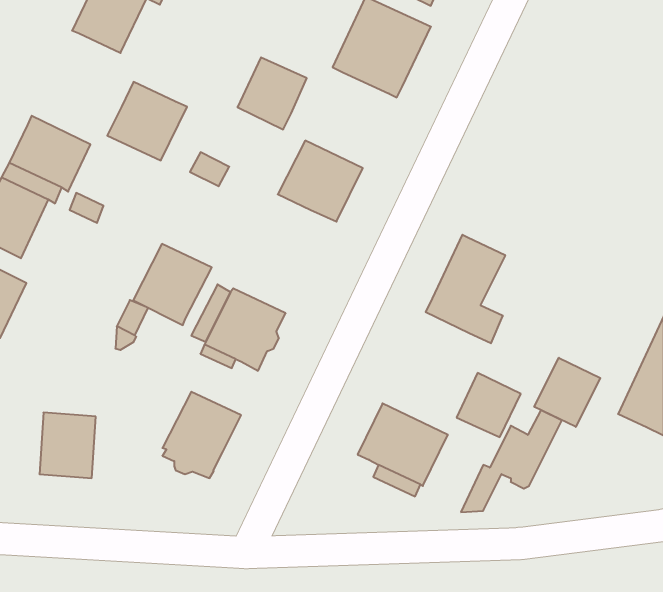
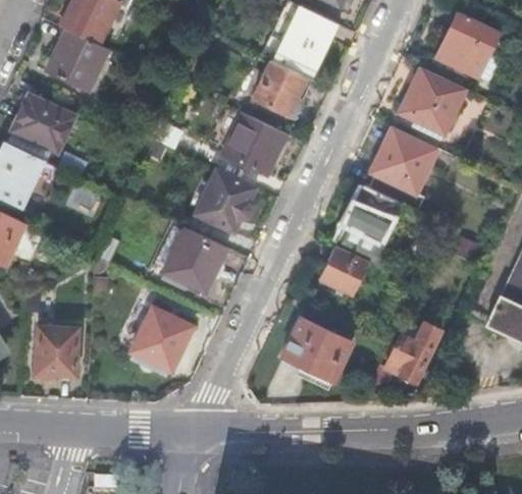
building: none -> [437,11,501,81]
building: [237,57,307,129] -> [253,60,307,116]
building: none -> [399,66,467,141]
building: [107,82,187,160] -> [45,30,107,91]
building: none -> [368,129,436,212]
building: [133,244,212,325] -> [194,169,255,232]
building: [534,358,600,427] -> none
building: [457,373,521,437] -> [319,246,369,296]

